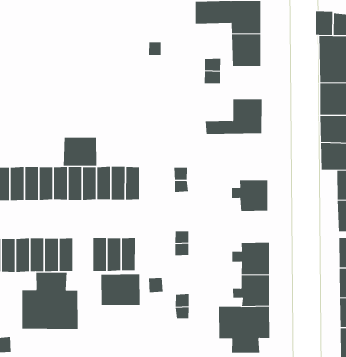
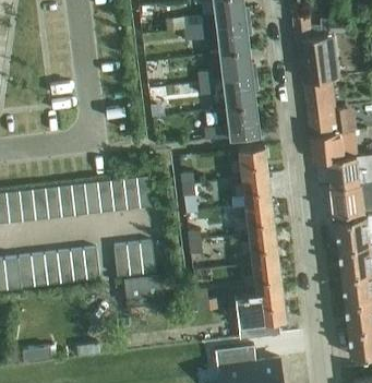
building: none -> [223,72,253,105]
building: [63,137,97,166] -> none
building: none -> [230,145,266,178]
building: none -> [238,203,274,235]
building: [22,272,78,330] -> none

